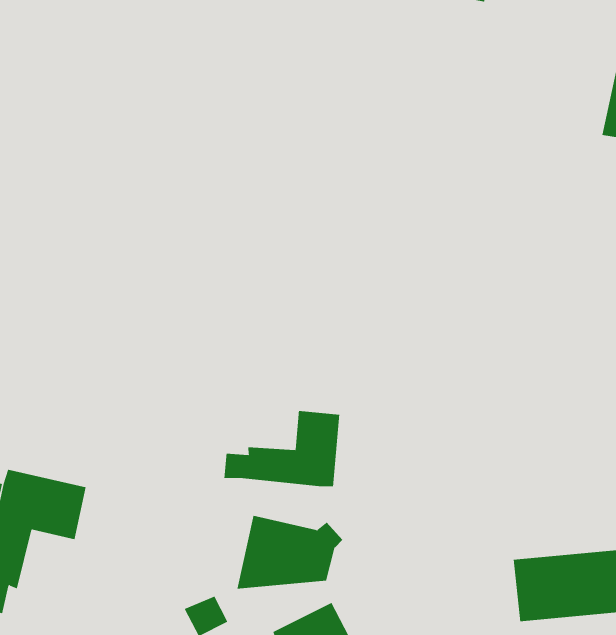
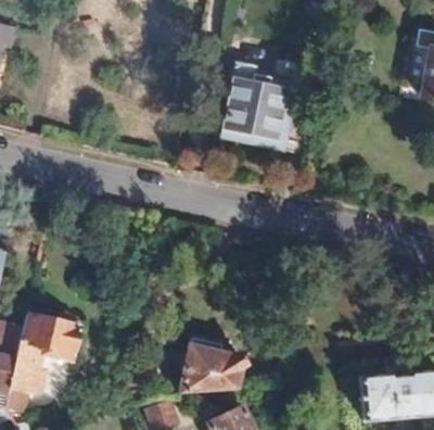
building: none -> [225,63,285,136]
building: [224,410,340,487] -> none

